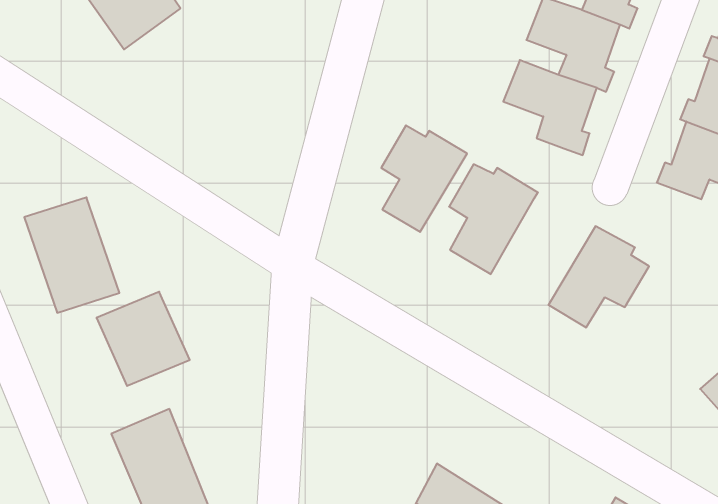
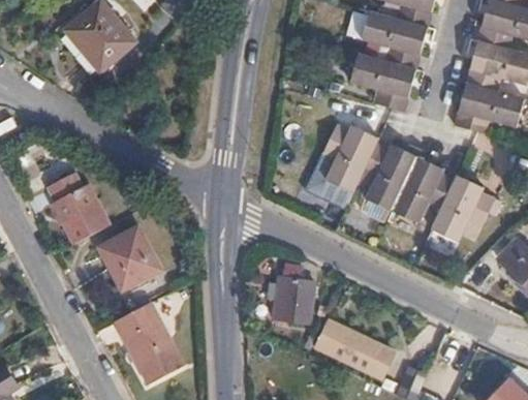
building: [381,125,467,232] -> [362,143,416,211]
building: none -> [431,175,494,241]
building: none -> [271,263,311,321]

